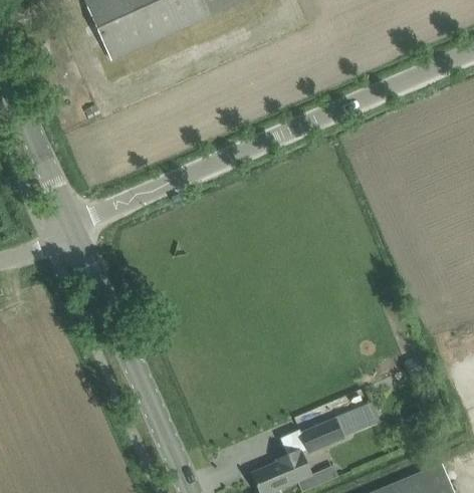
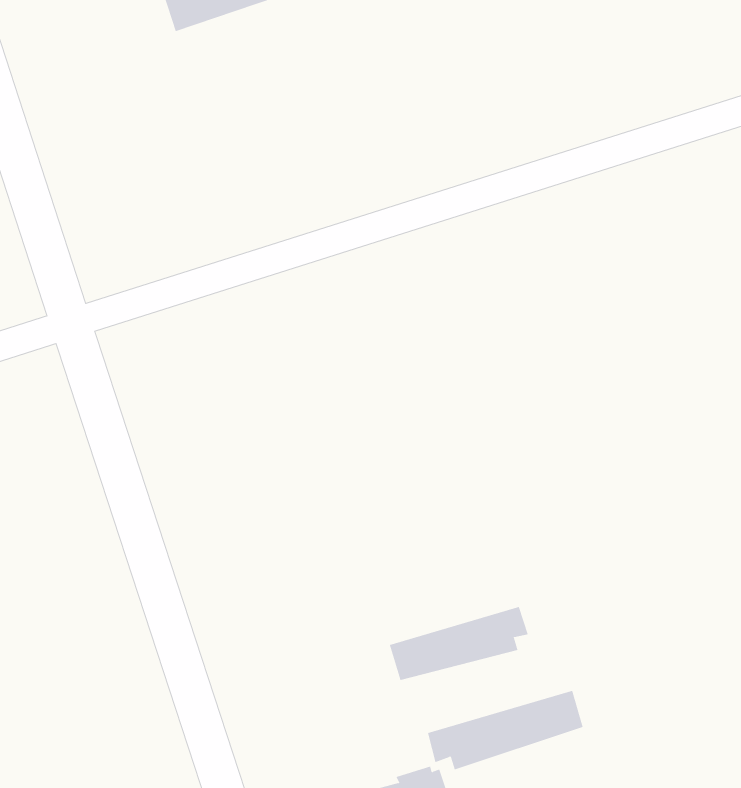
building: none -> [389,606,529,681]

